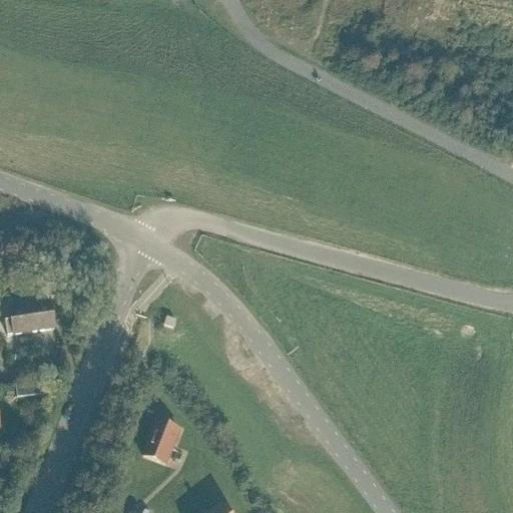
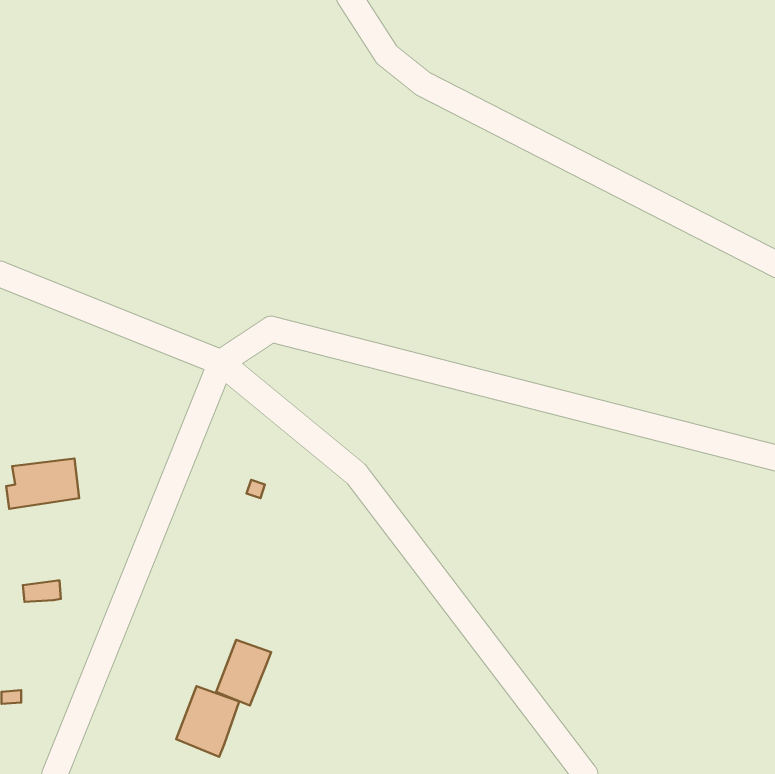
building: none -> [176,686,239,757]

